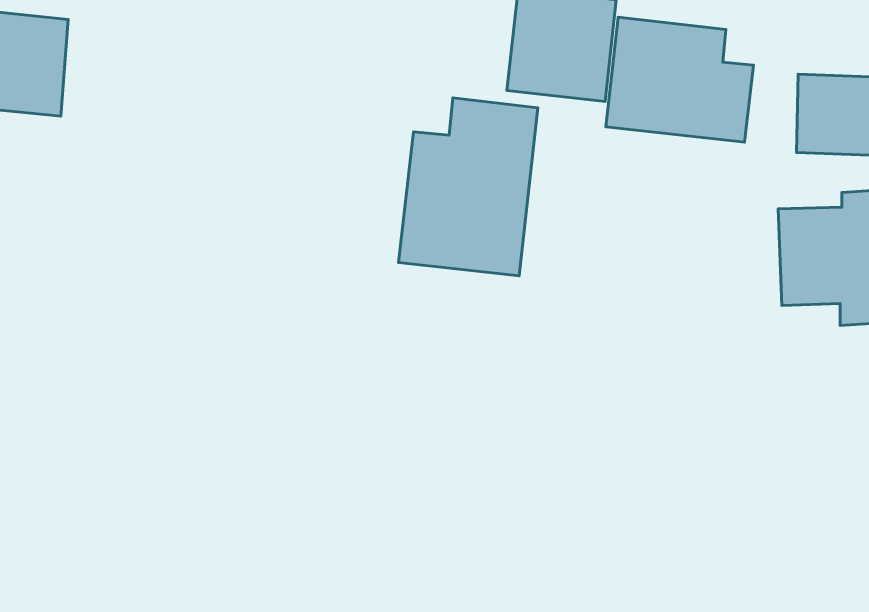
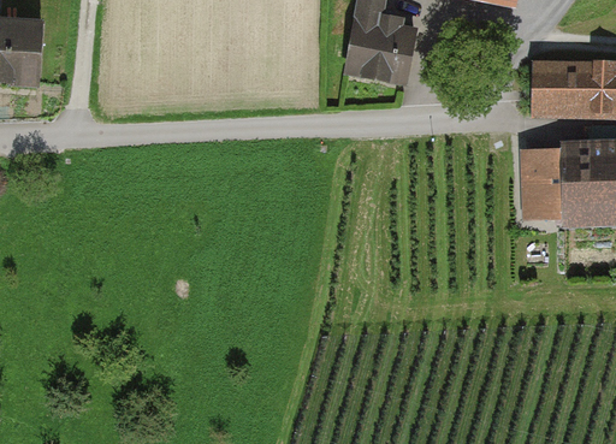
building: [606,17,754,142] -> none
building: [398,98,538,276] -> none

